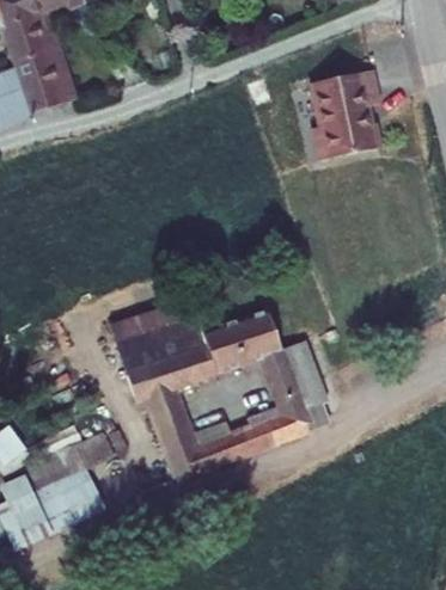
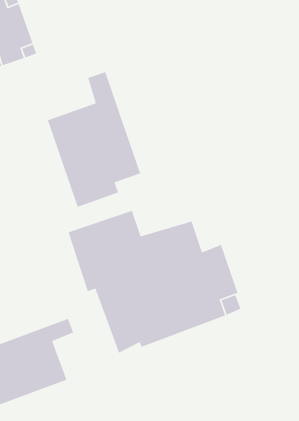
building: [312,69,381,160] -> none
building: none -> [47,71,141,208]

